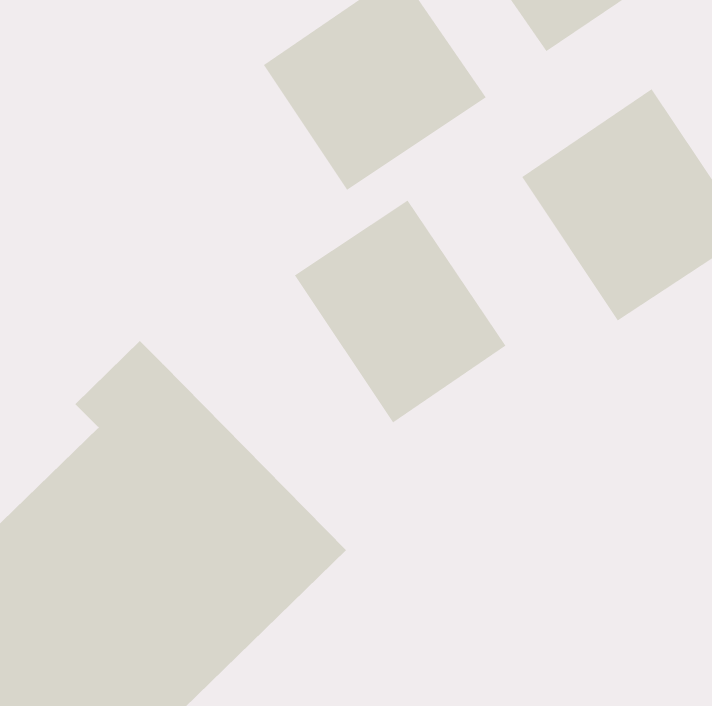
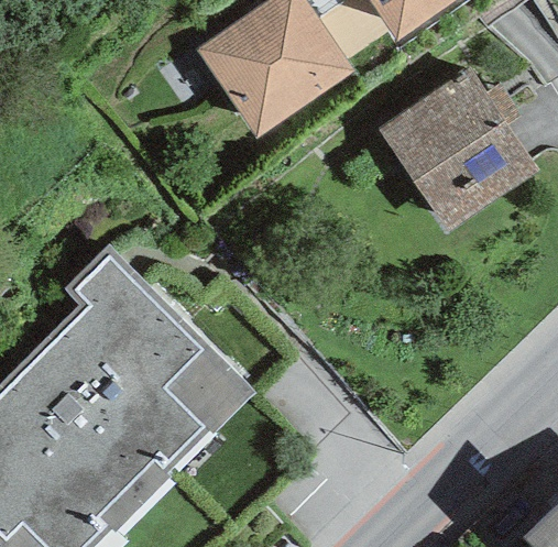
building: [294,200,506,423] -> none

